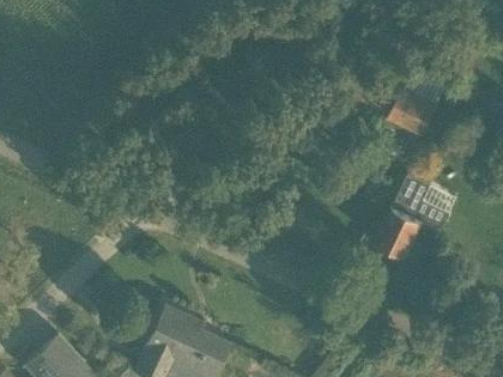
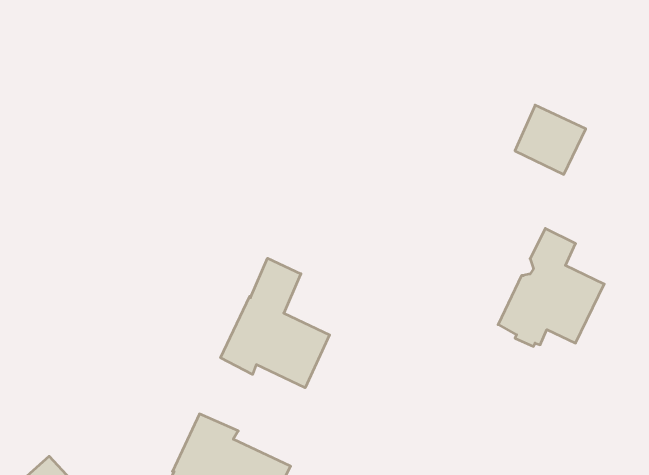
building: none -> [221,258,330,388]

